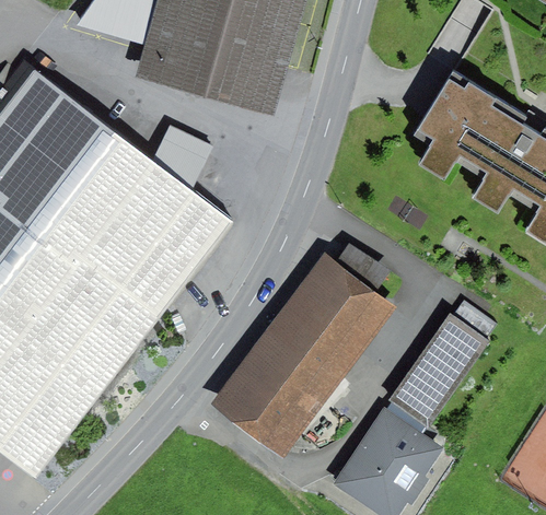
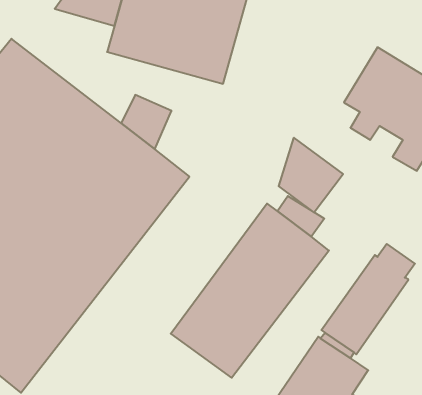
building: none -> [279,138,343,212]

